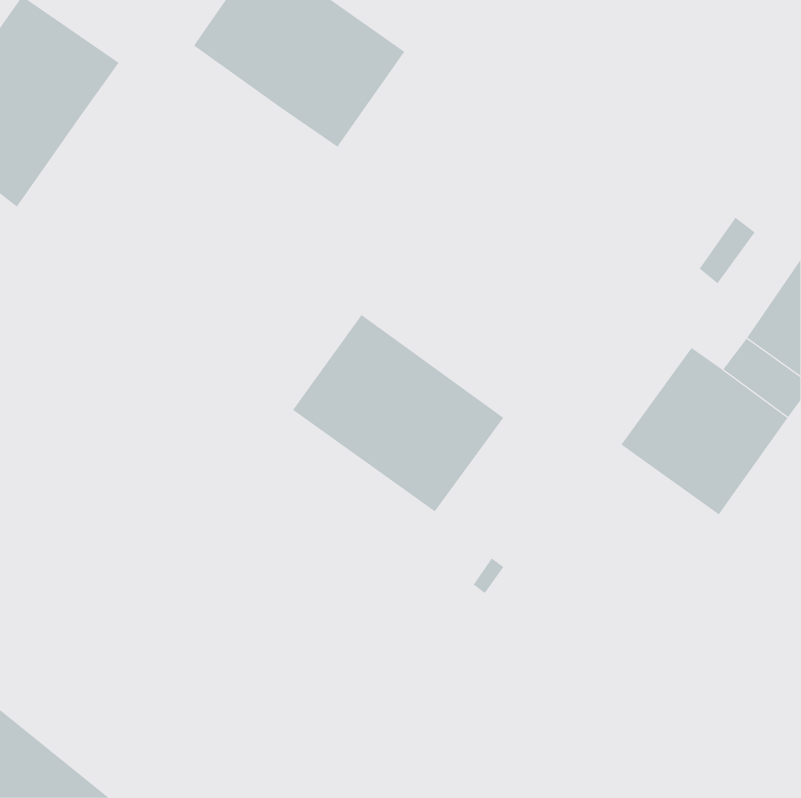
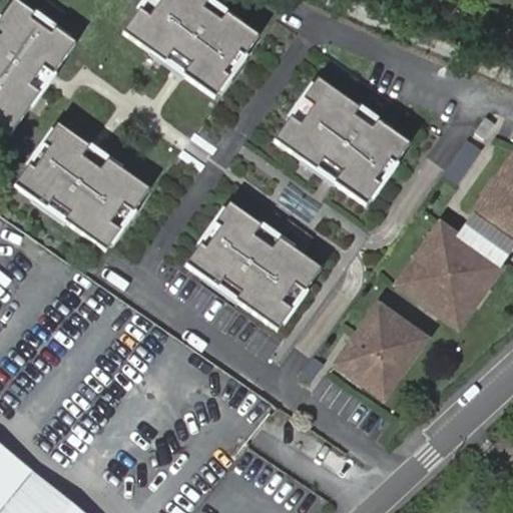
building: none -> [276,76,411,203]
building: none -> [15,121,150,247]
building: none -> [335,302,428,399]

